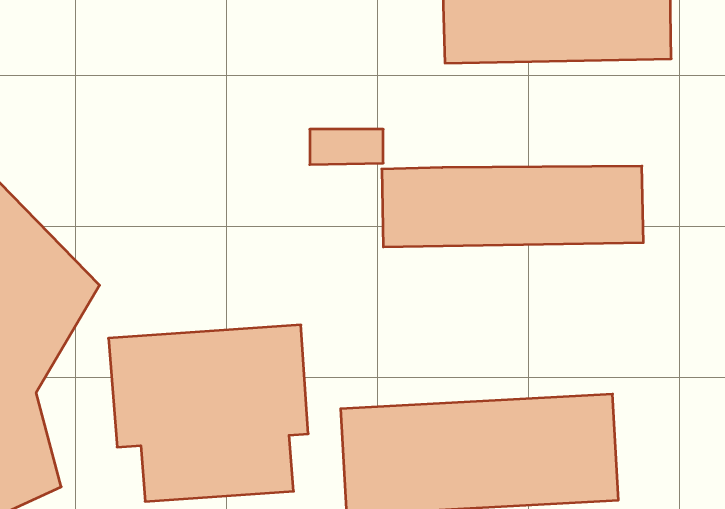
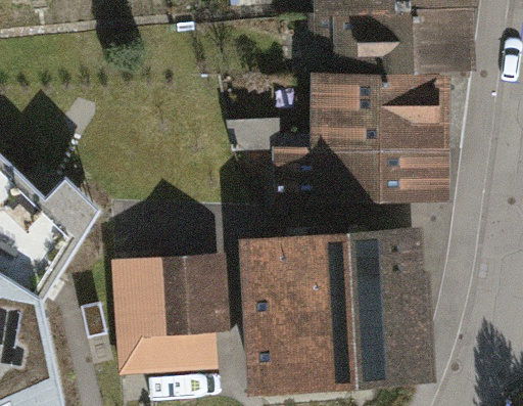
building: none -> [315,78,454,144]
building: none -> [240,232,433,312]

